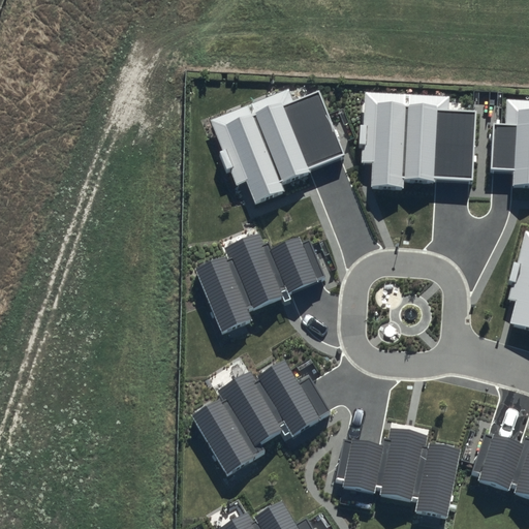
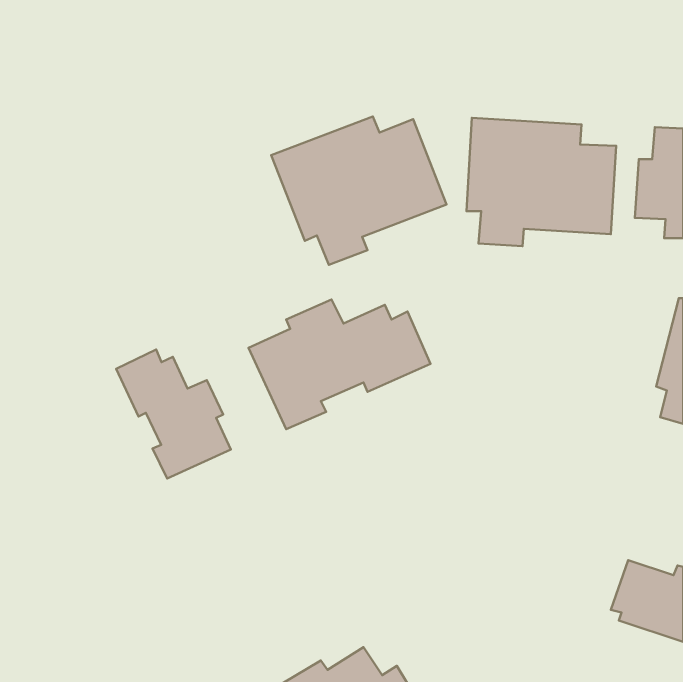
building: none -> [116,350,231,479]
building: [189,361,331,475] -> none
building: [337,428,461,519] -> none

